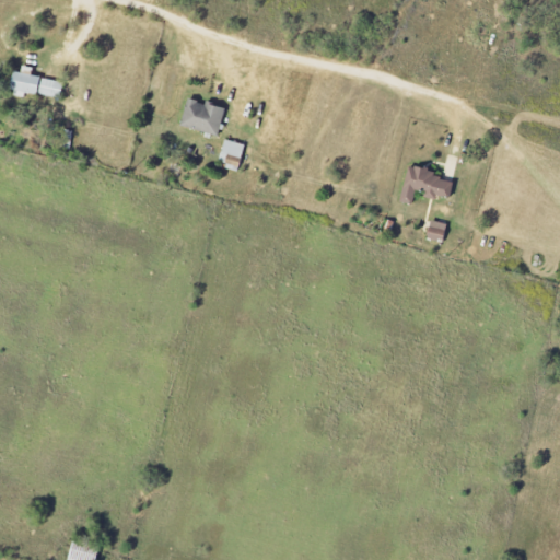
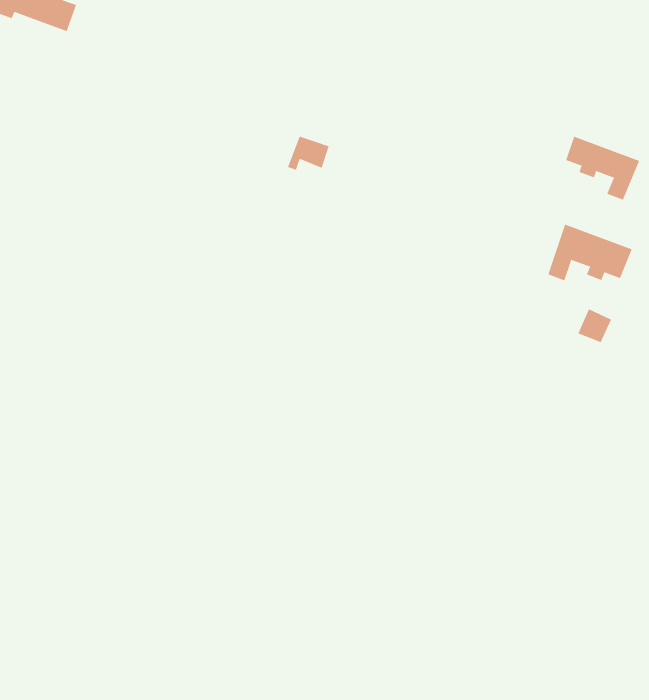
building: [179,97,225,136] -> none
building: none -> [566,136,640,201]

